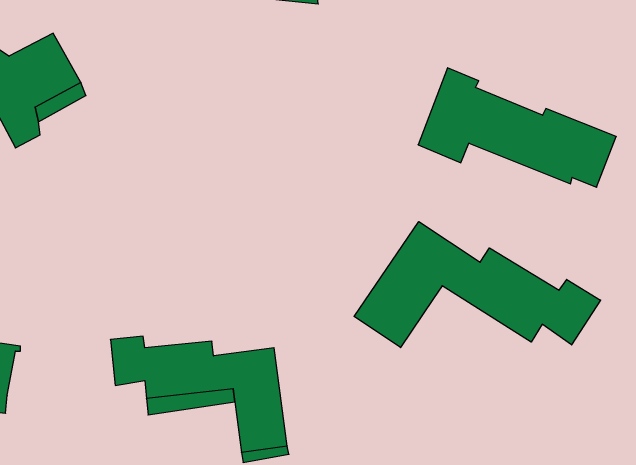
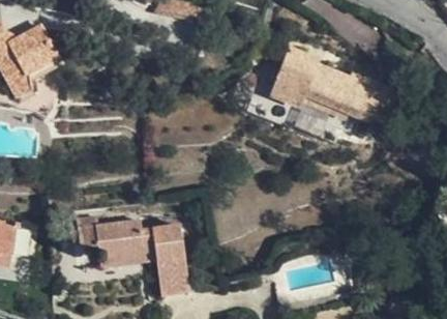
building: [354,222,601,348] -> none

